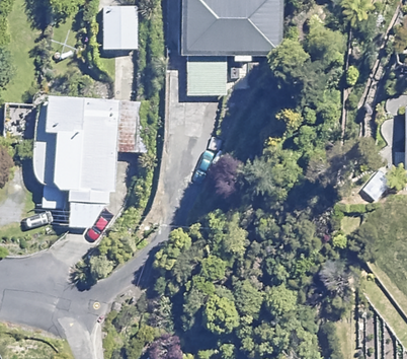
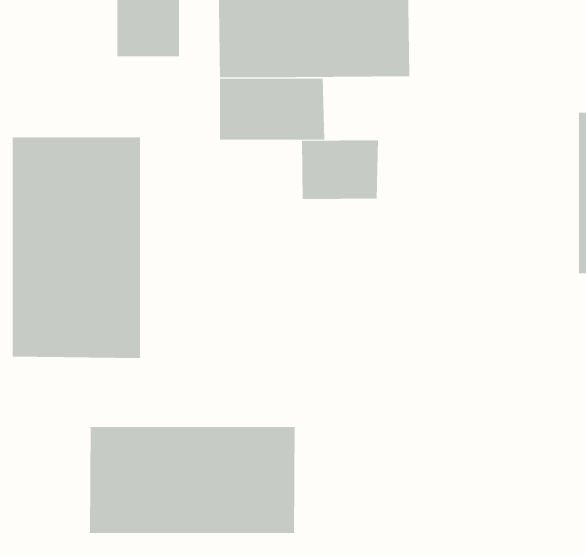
building: none -> [301,140,379,200]
building: none -> [89,426,295,534]

